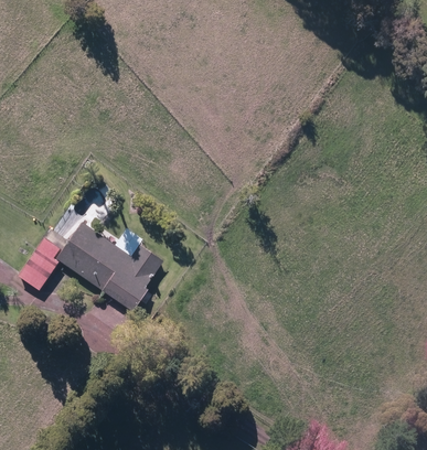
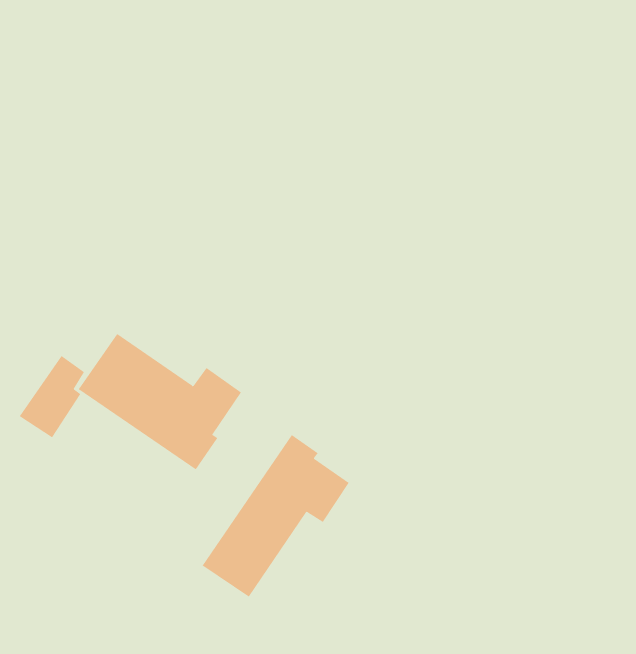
building: none -> [202,434,350,597]

